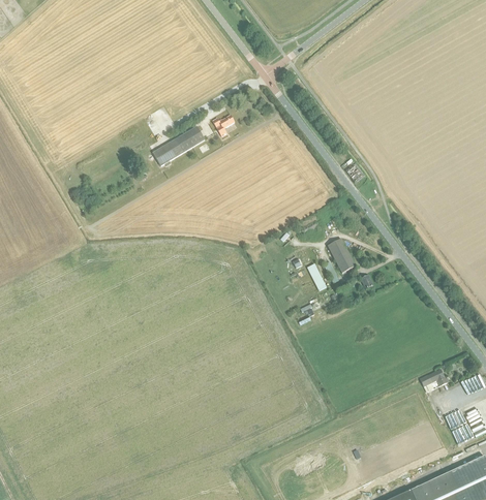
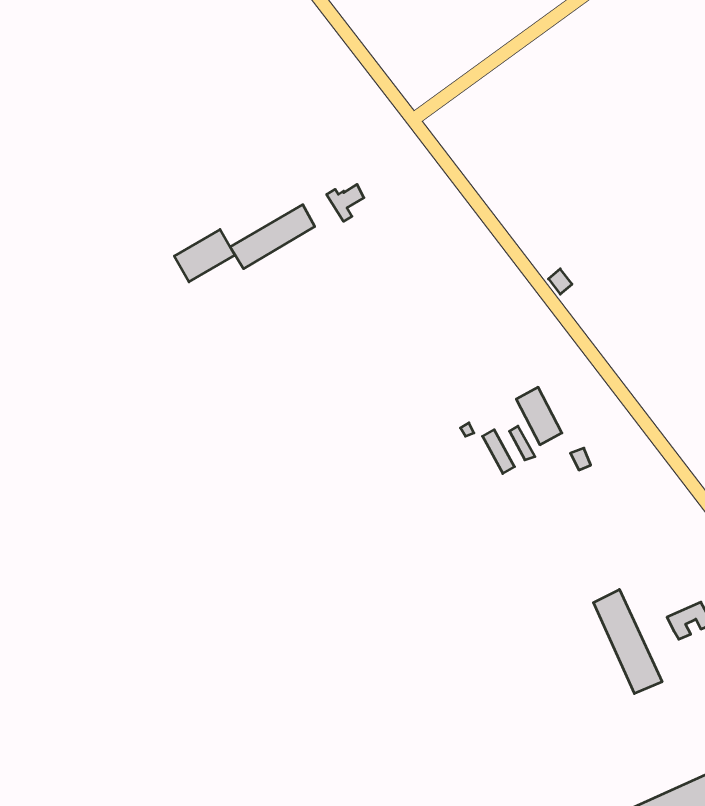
building: none -> [174,229,235,282]
building: none -> [593,589,662,694]

